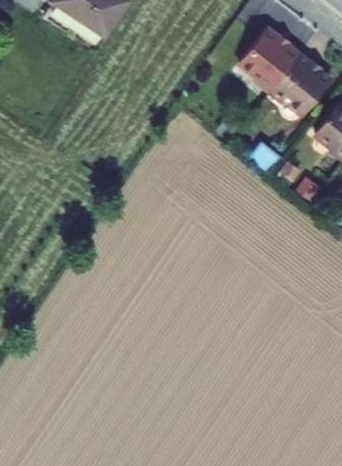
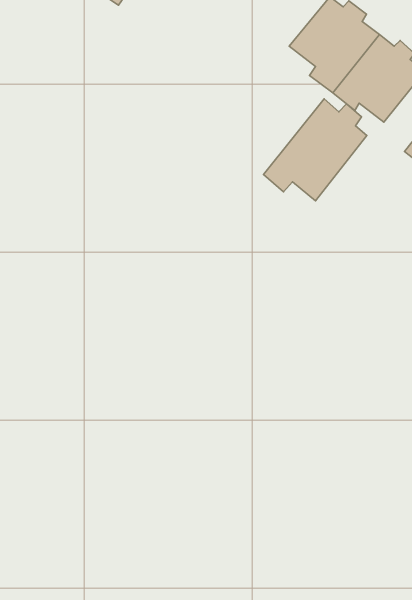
building: none -> [264,99,367,201]

